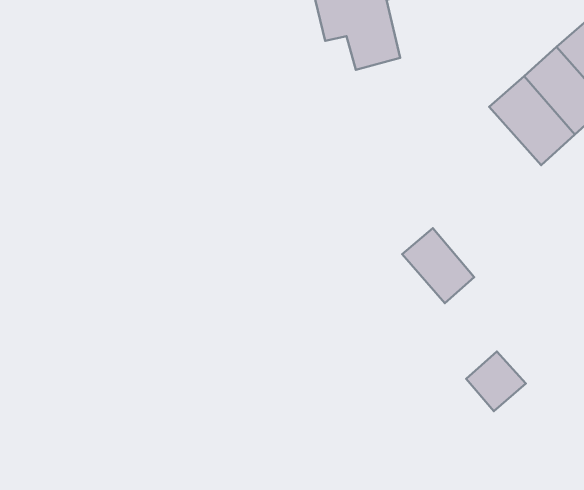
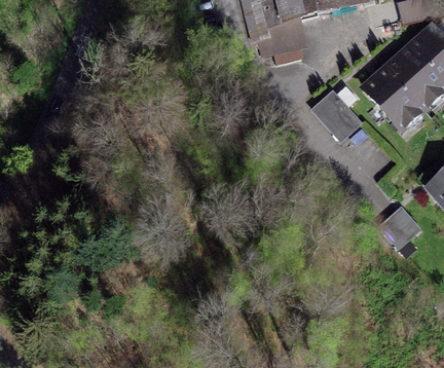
building: [402,228,474,303] -> [311,89,360,140]
building: [466,351,526,411] -> [379,206,419,246]

